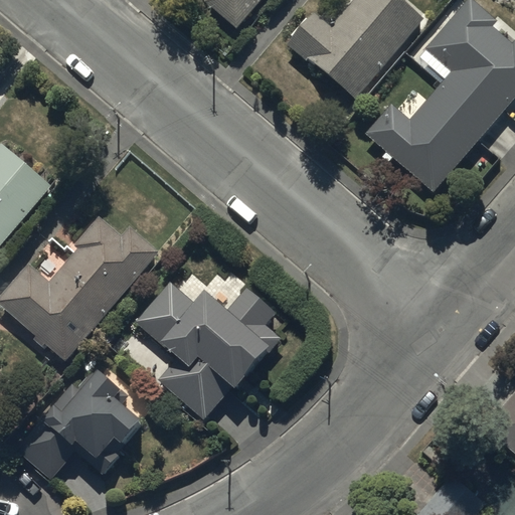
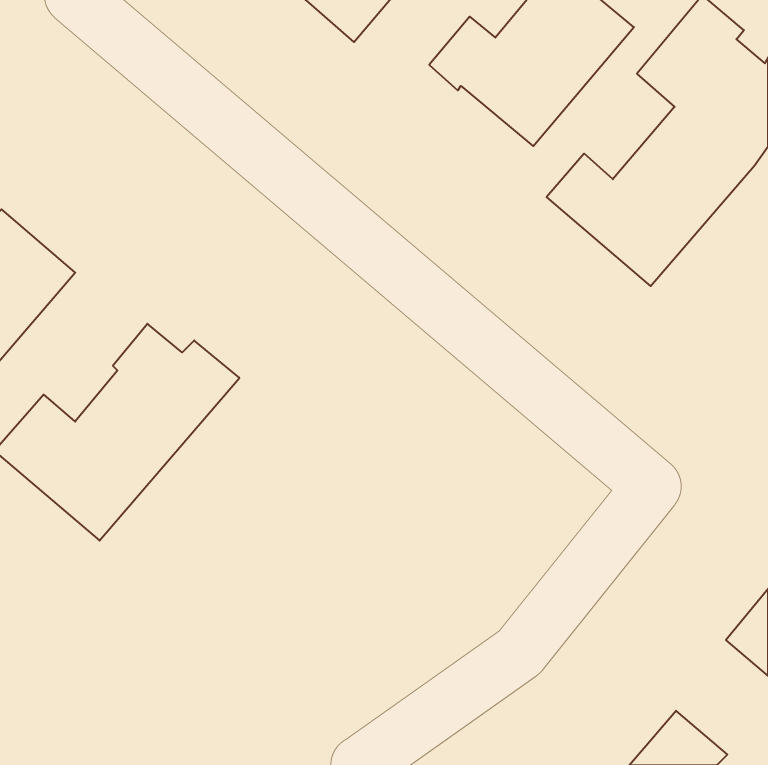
building: [136,282,282,418] -> none
building: [16,368,142,479] -> none

